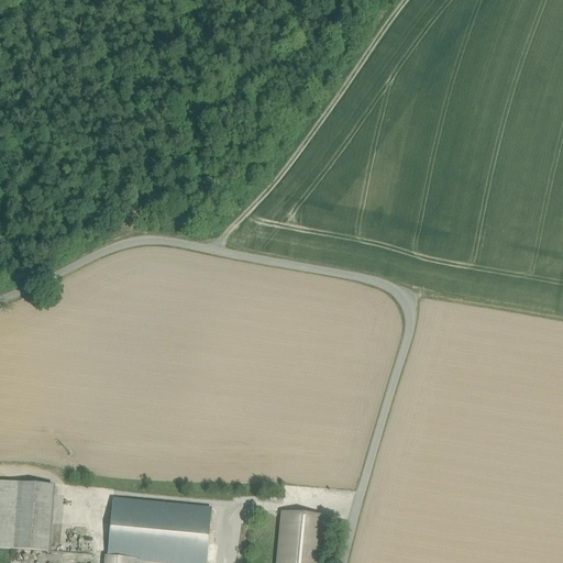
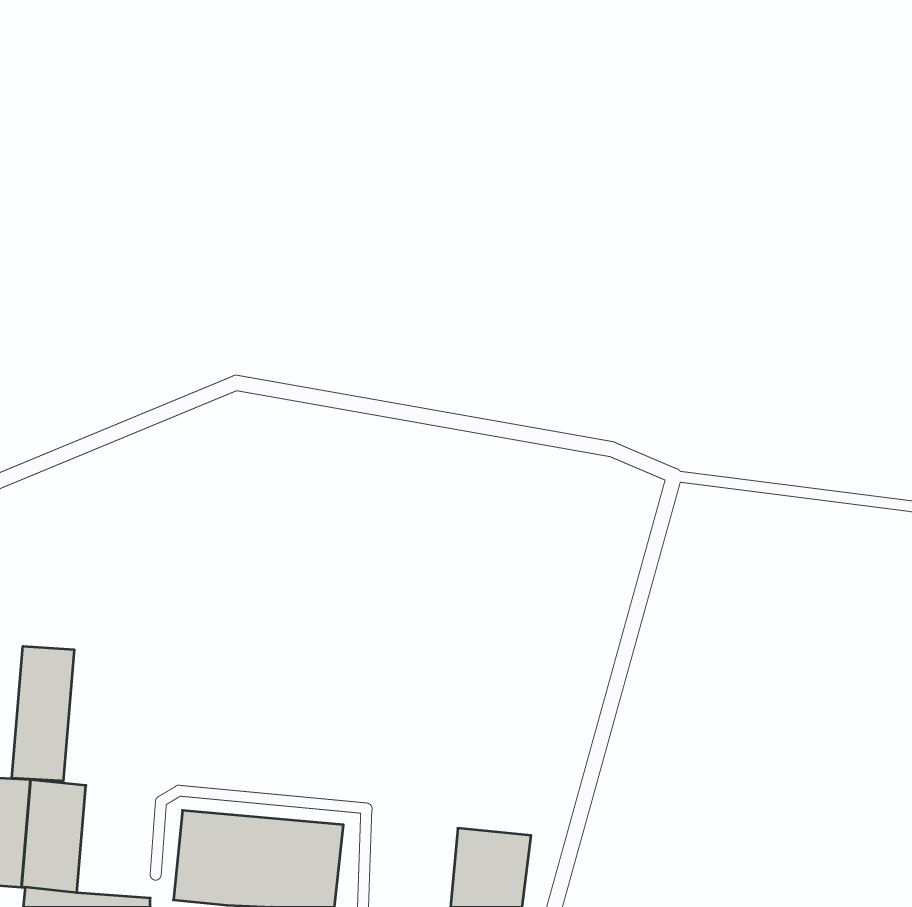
building: none -> [12,646,74,781]

